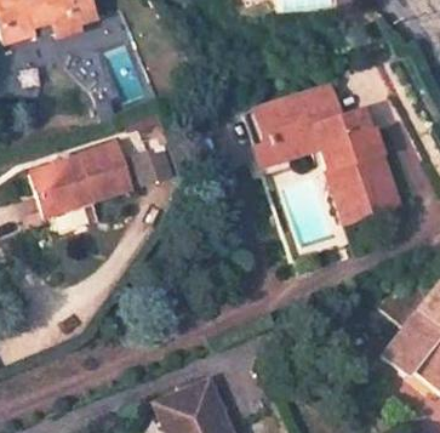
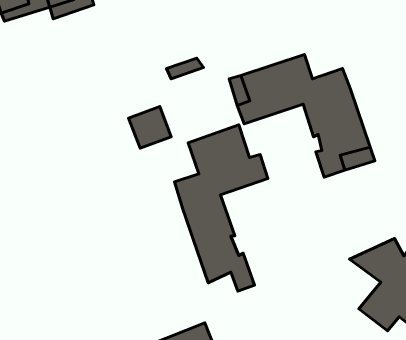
building: [28,147,132,217] -> none
building: none -> [175,125,268,291]

